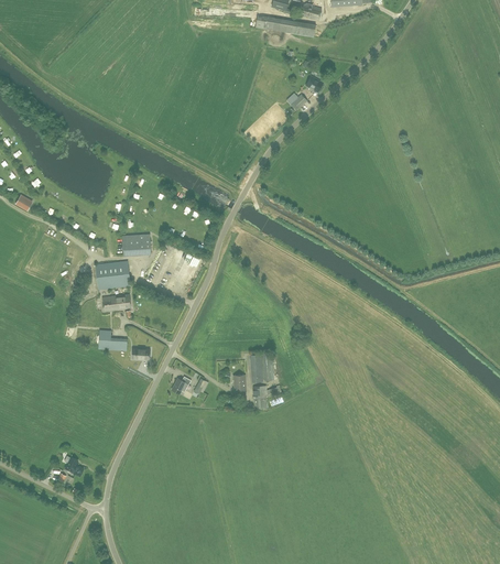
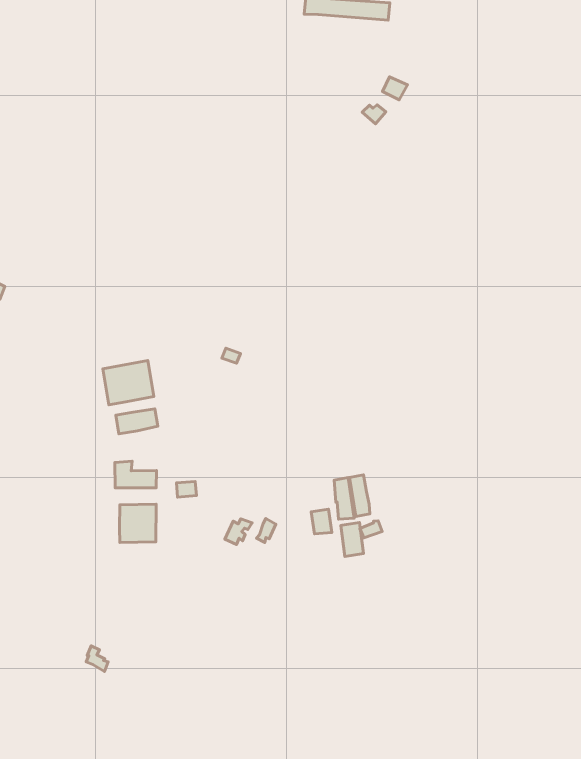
building: [121,234,150,254] -> none
building: none -> [120,504,156,543]

